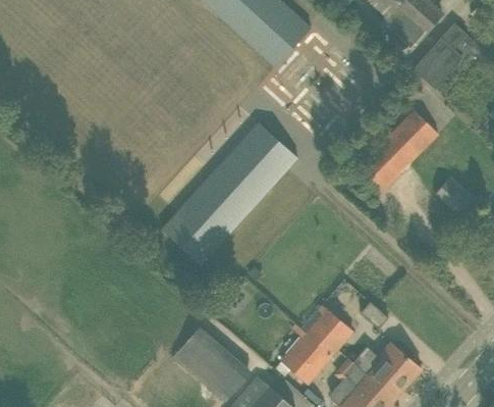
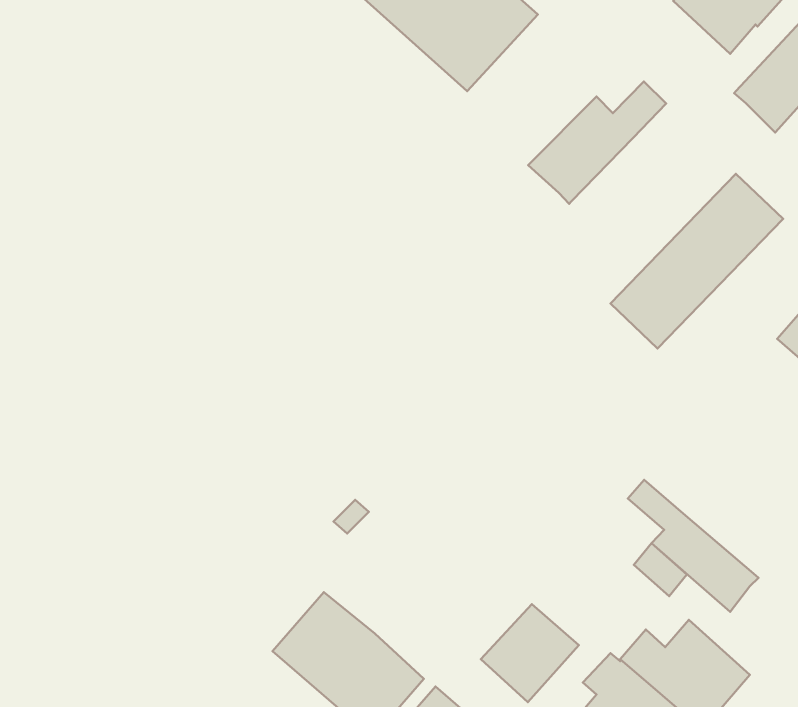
building: none -> [528,81,666,204]
building: [164,128,299,270] -> none
building: none -> [628,480,758,612]
building: [308,310,351,354] -> none

